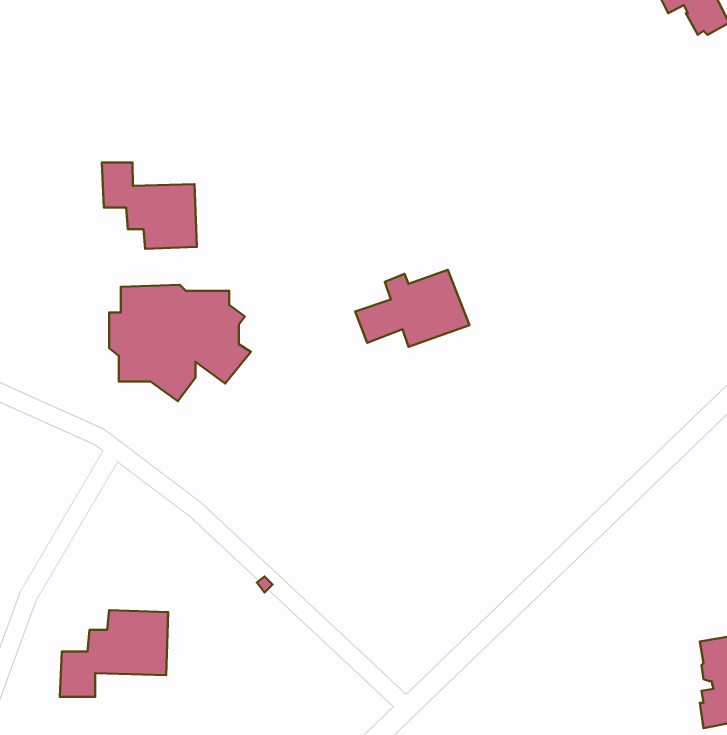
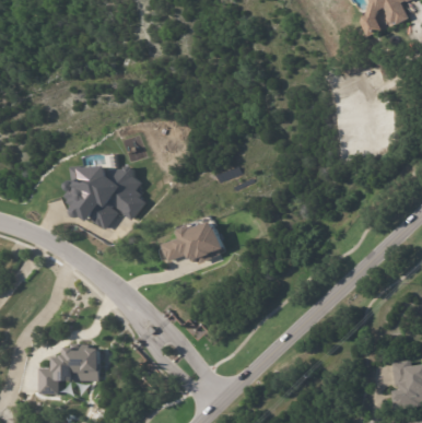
building: [102,162,197,249] -> none
building: [355,270,470,347] -> [160,221,223,263]

